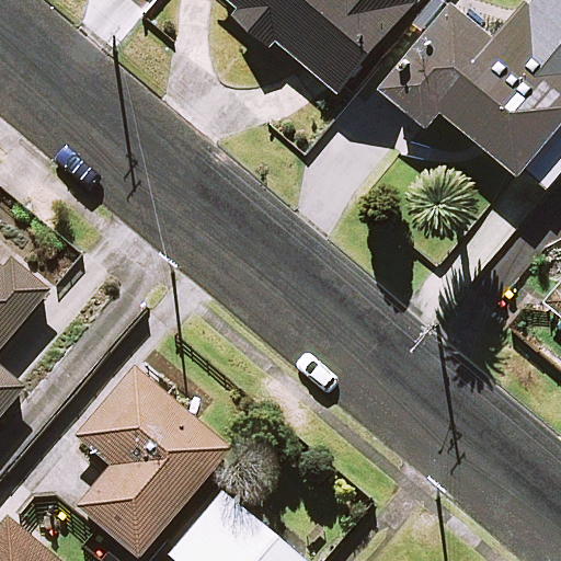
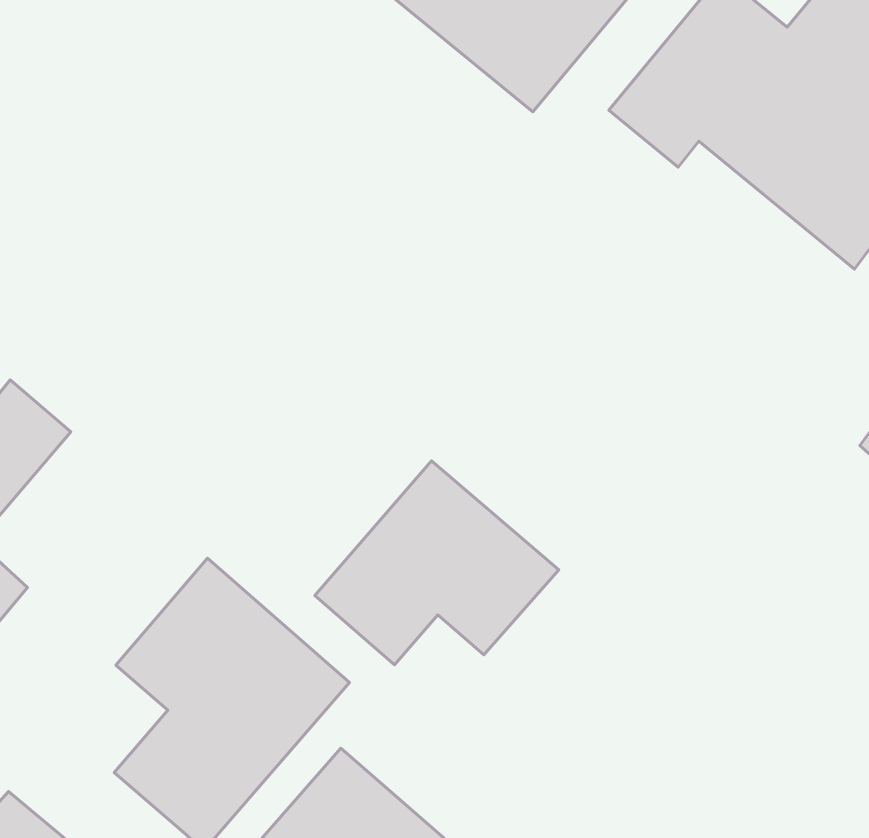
building: none -> [315,461,559,665]

